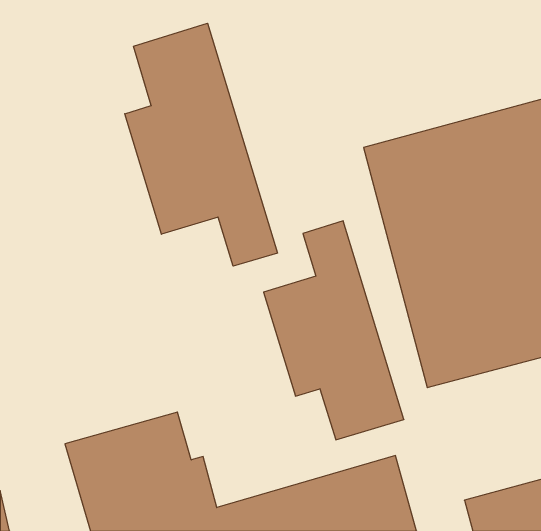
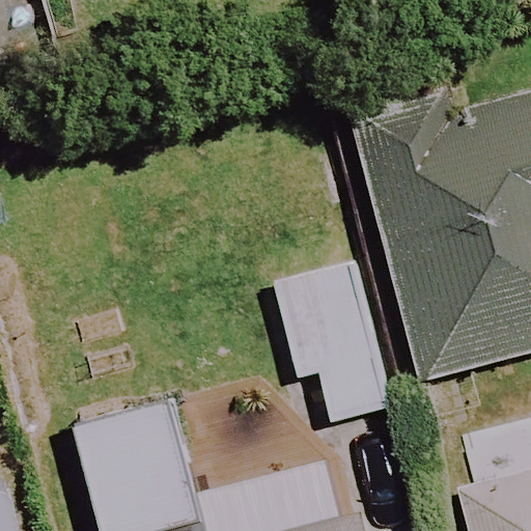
building: [125,23,277,266] -> none

